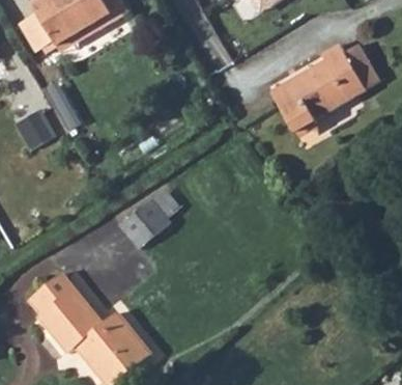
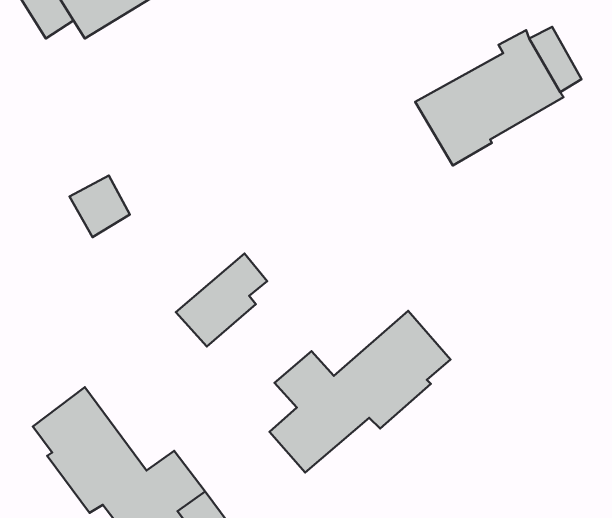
building: [18,107,56,146] -> [70,175,130,237]
building: none -> [270,311,450,472]

